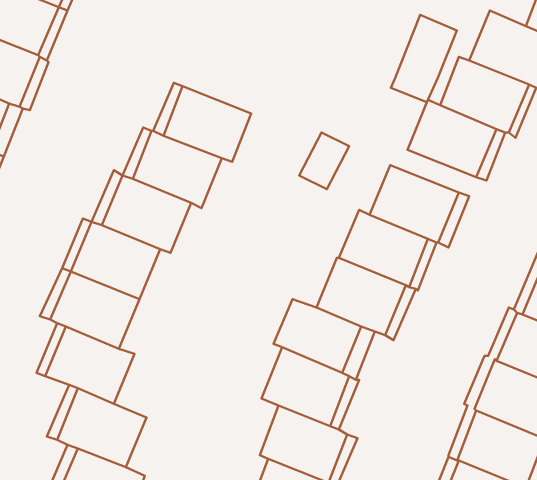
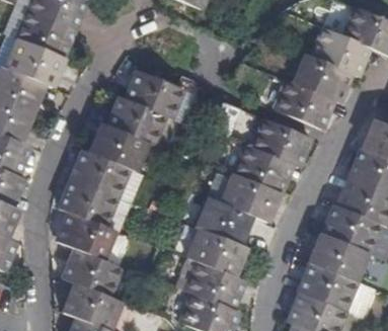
building: [391,15,457,102] -> none

